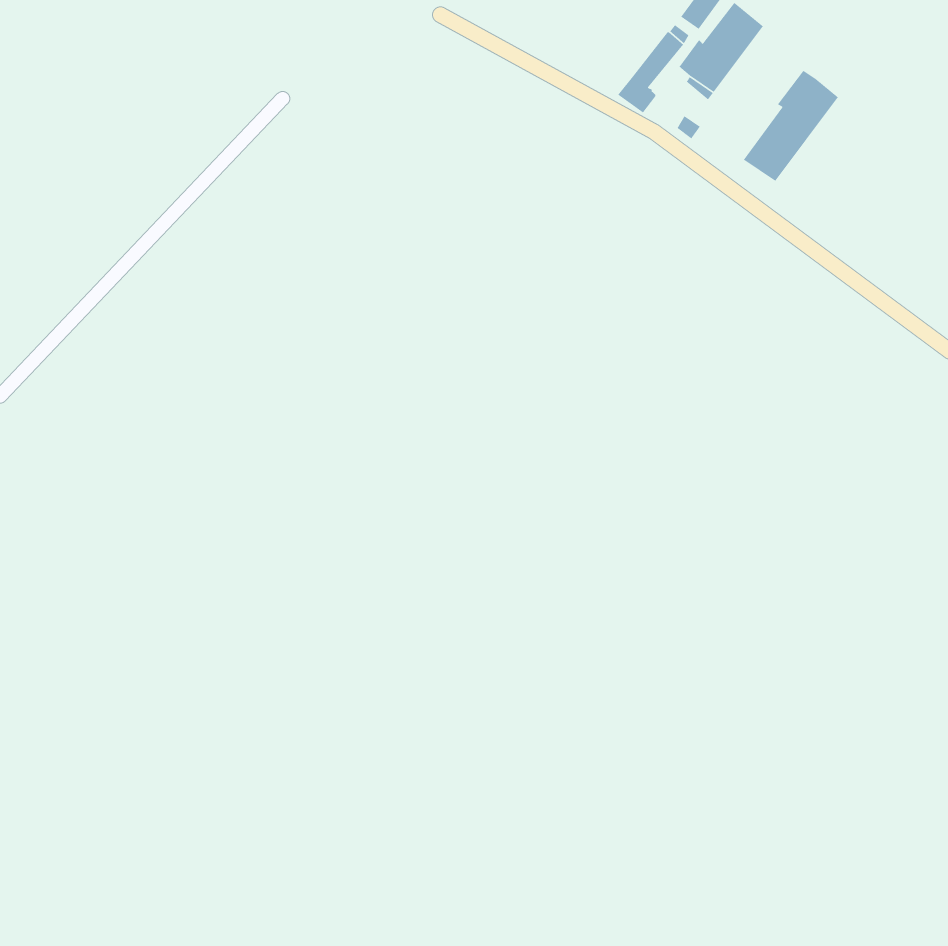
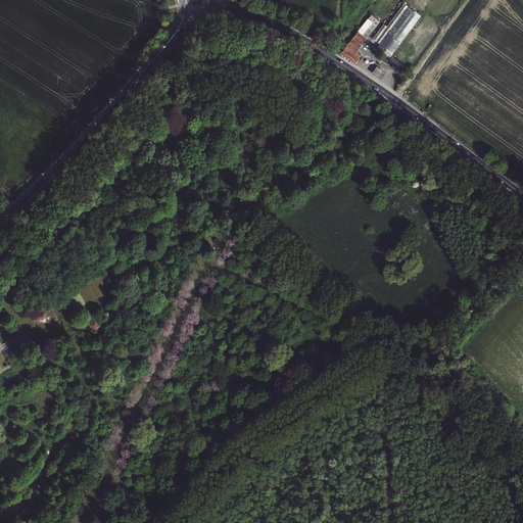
building: [743,70,839,182] -> none

